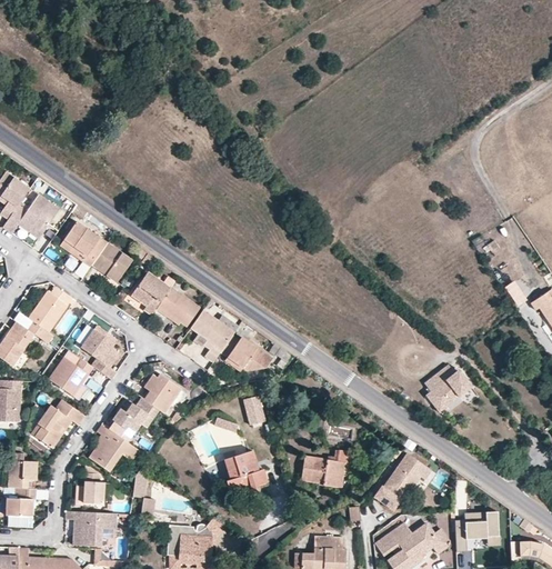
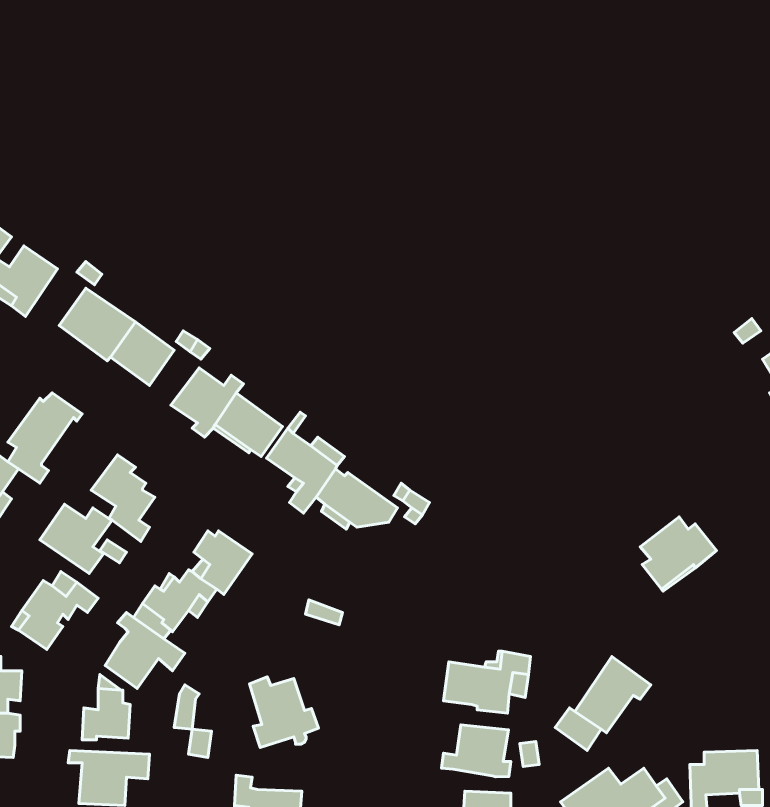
building: [243,396,267,427] -> none
building: [223,449,267,493] -> [250,677,319,748]
building: none -> [441,725,511,777]

